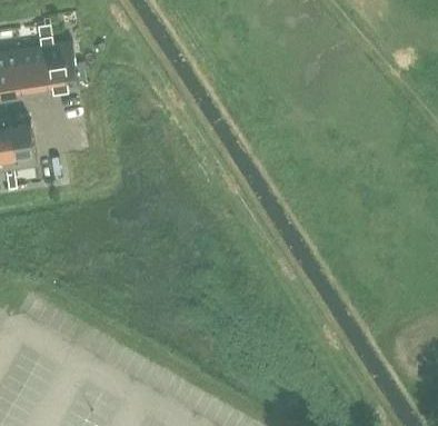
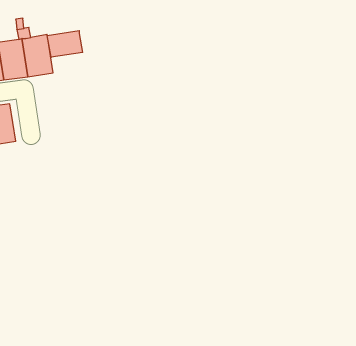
building: none -> [47,31,83,57]

